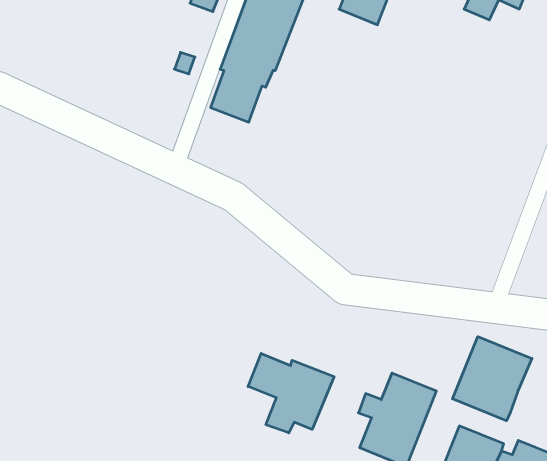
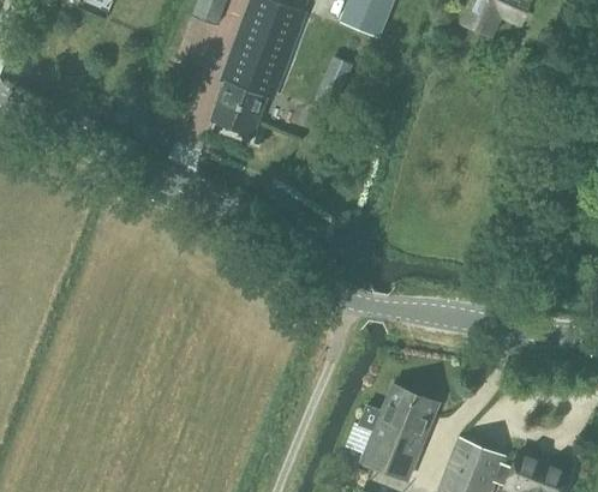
building: [452,337,532,421] -> none
building: [248,353,334,433] -> none

